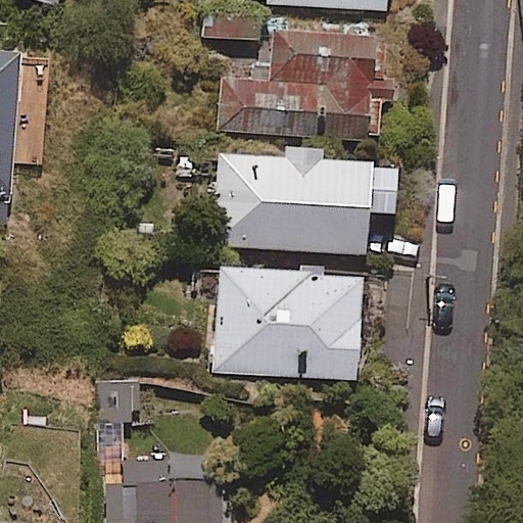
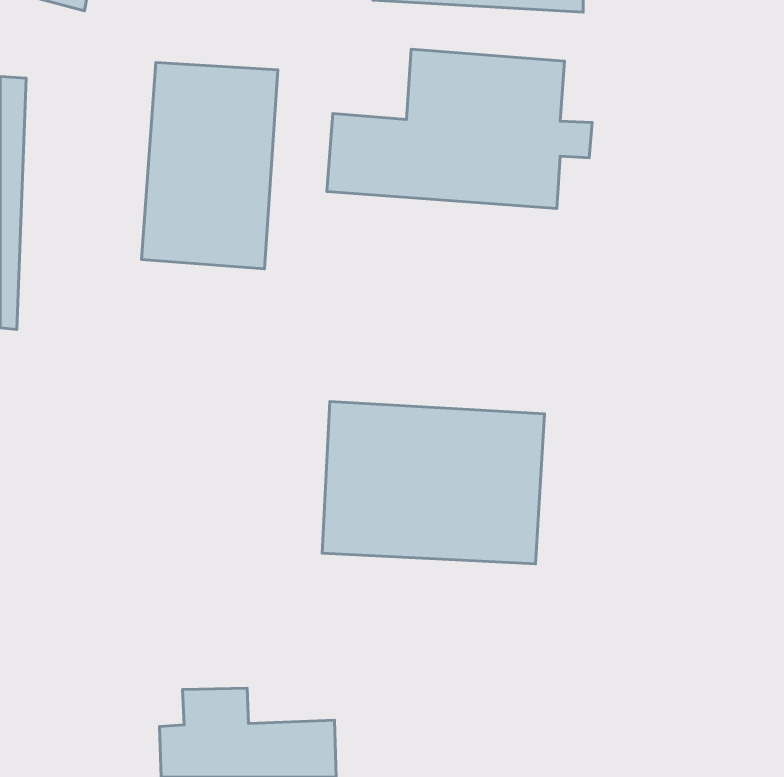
building: none -> [141,62,278,269]
building: [215,150,397,254] -> none

